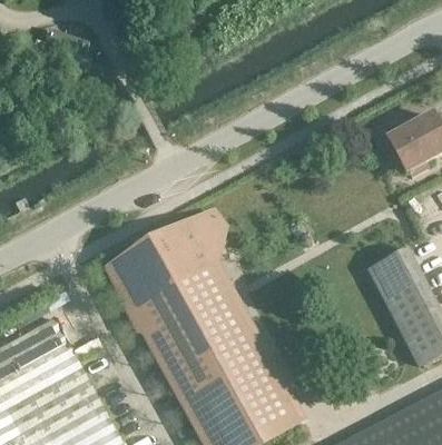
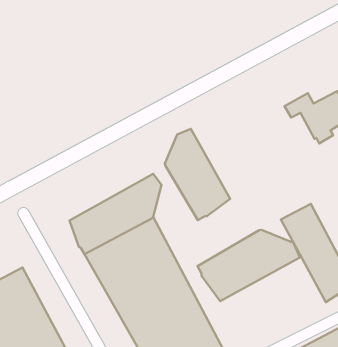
building: none -> [165,129,230,220]
building: none -> [197,230,300,301]

